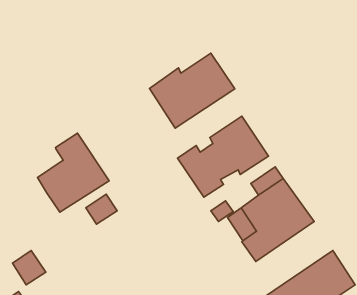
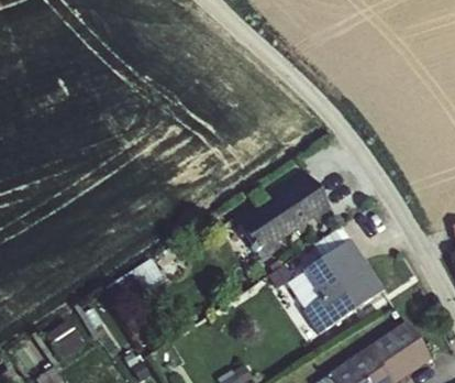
building: [149,53,235,128] -> none
building: [37,133,109,212] -> none

